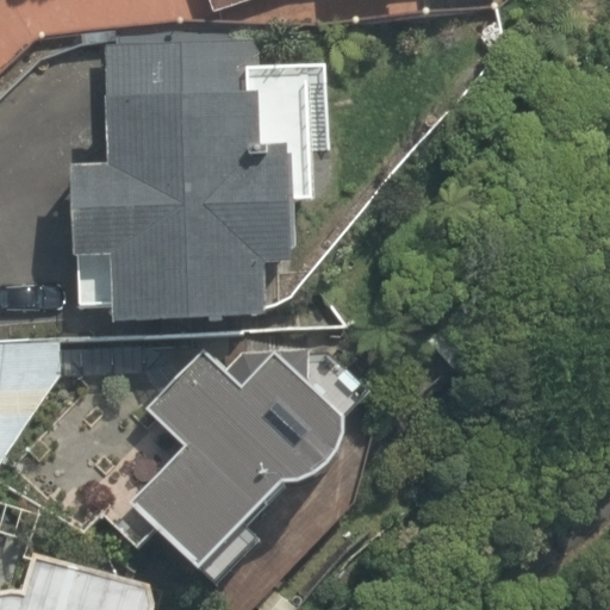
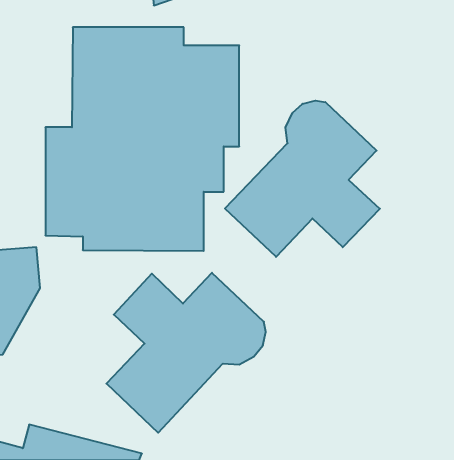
building: none -> [225,101,380,257]

